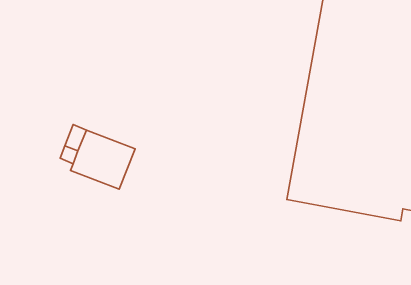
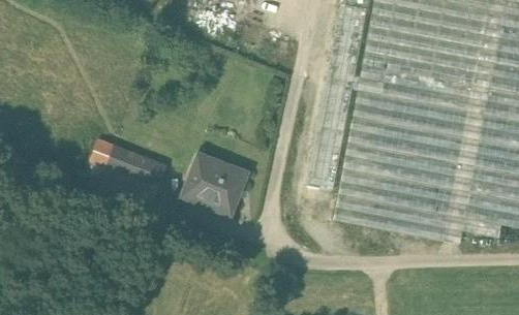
building: none -> [184,152,248,216]

